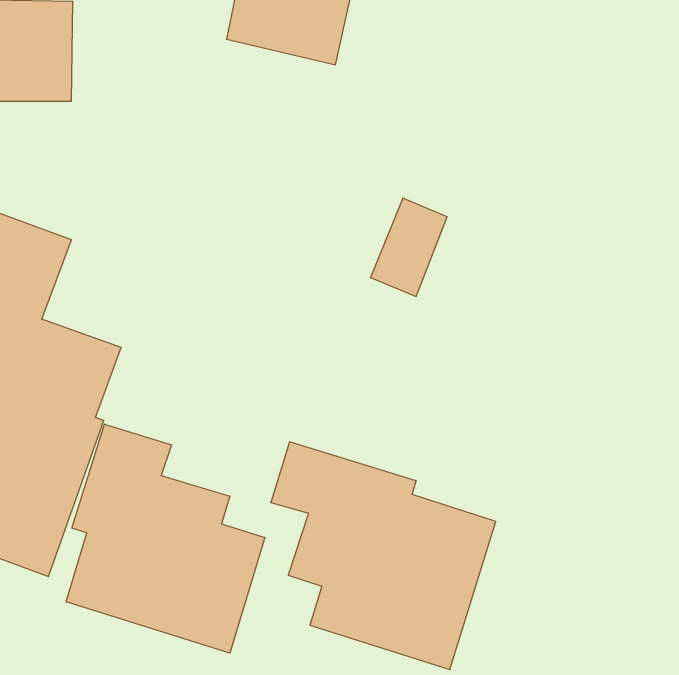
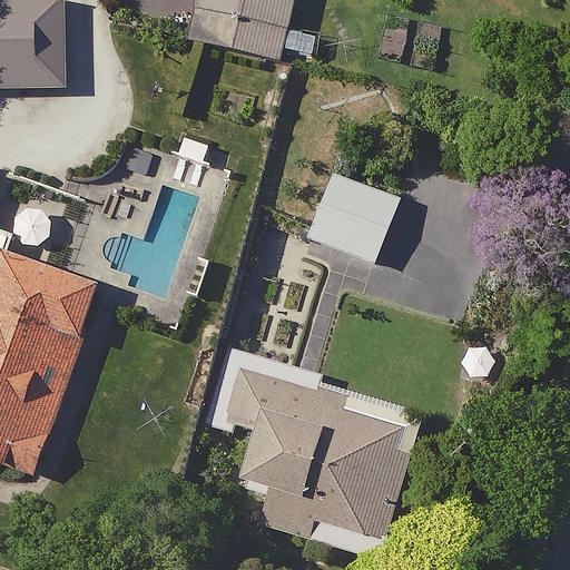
building: [66,424,265,653] -> none

